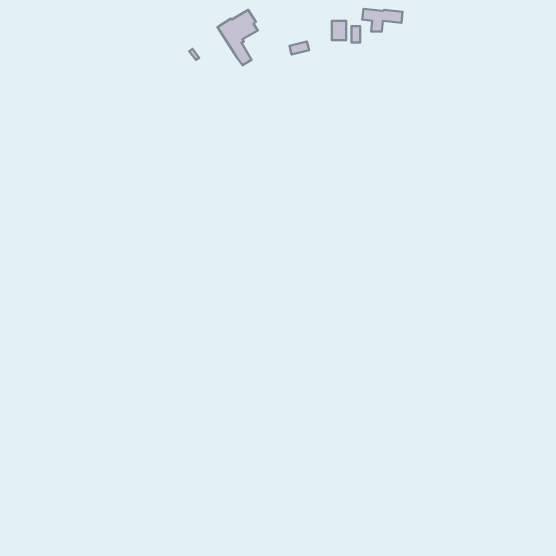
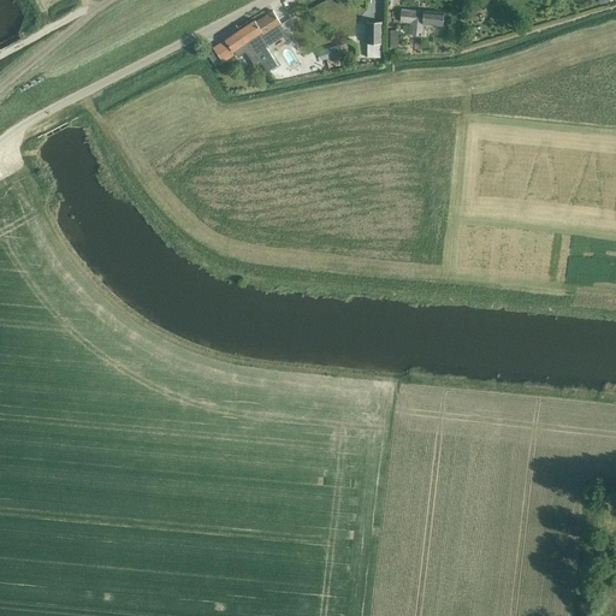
building: none -> [214,30,262,67]

